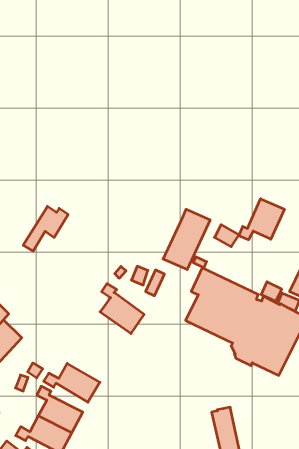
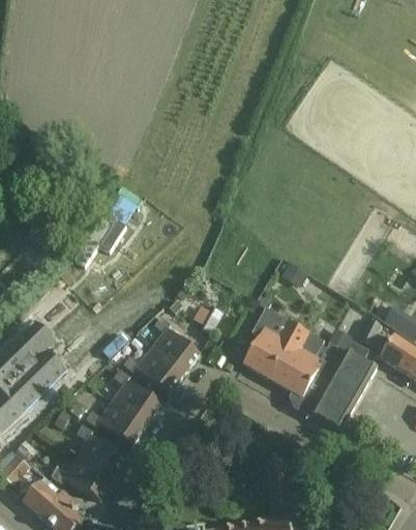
building: [239,199,284,240] -> none
building: [163,209,210,270] -> none
building: none -> [124,348,184,393]
building: none -> [113,370,161,424]

